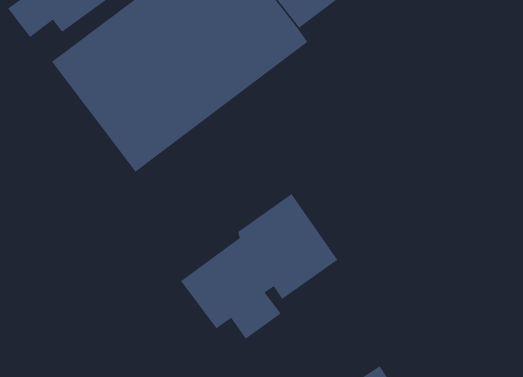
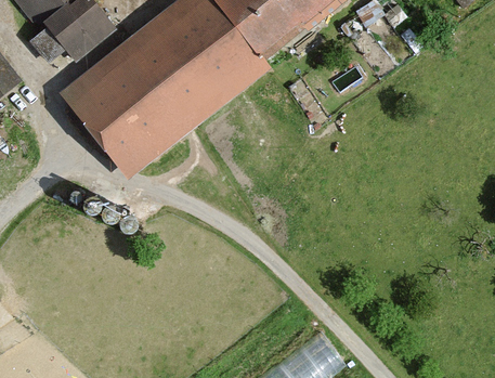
building: [180,193,338,340] -> none

